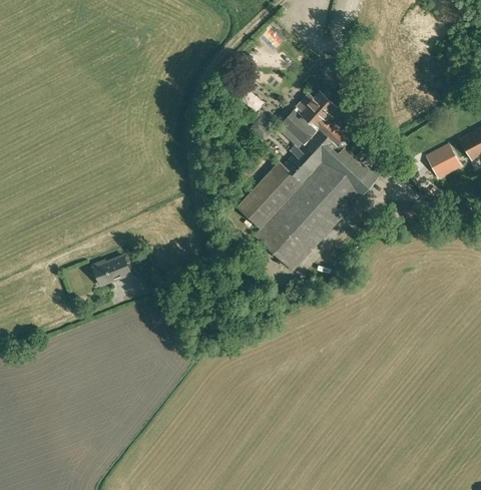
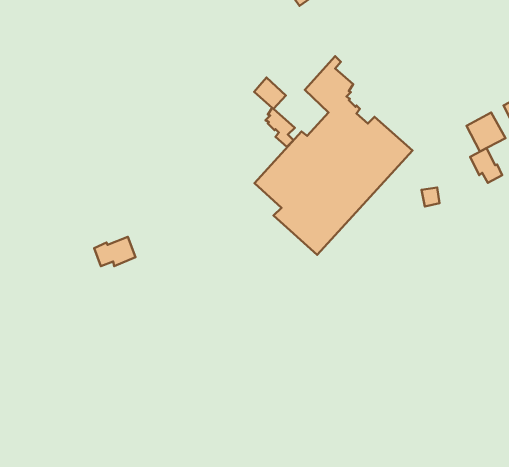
building: [309,91,345,153] -> [254,77,295,147]
building: none -> [470,148,502,183]

